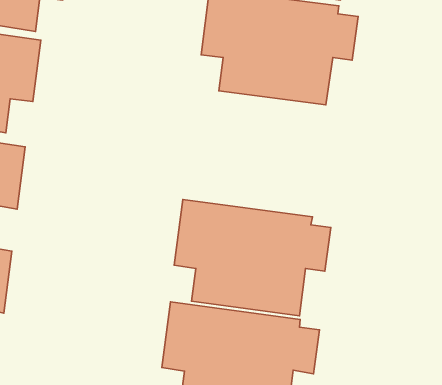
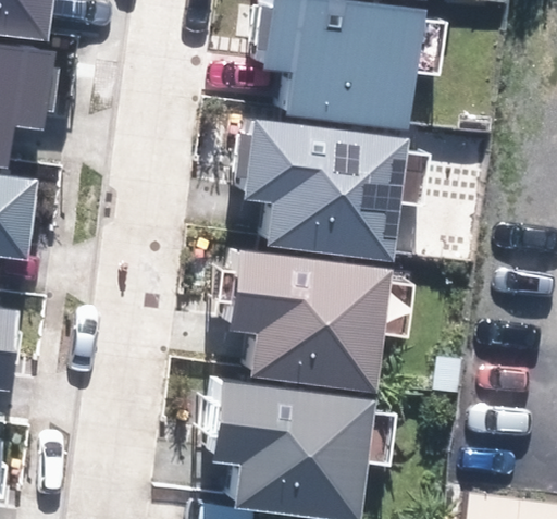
building: none -> [237,118,432,262]

